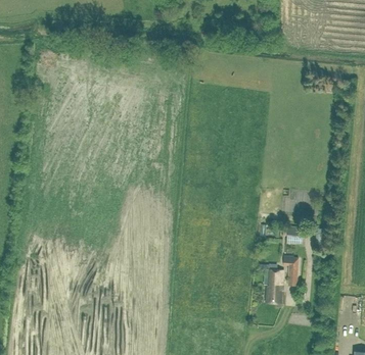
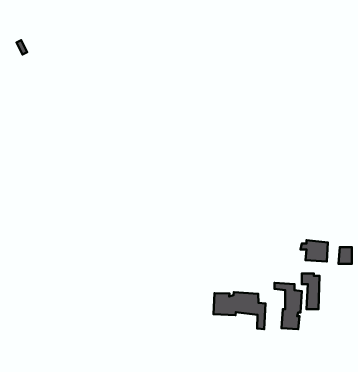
building: none -> [214,292,265,329]

